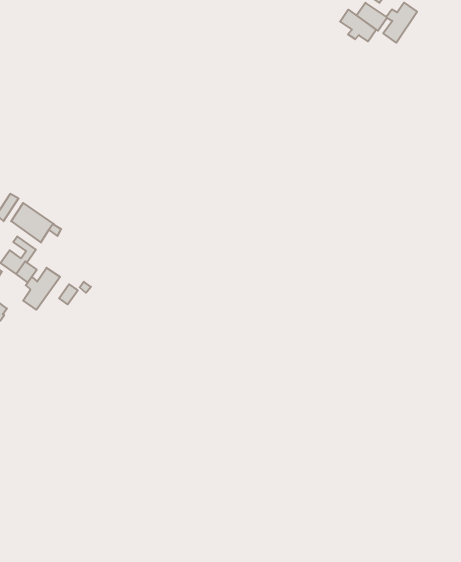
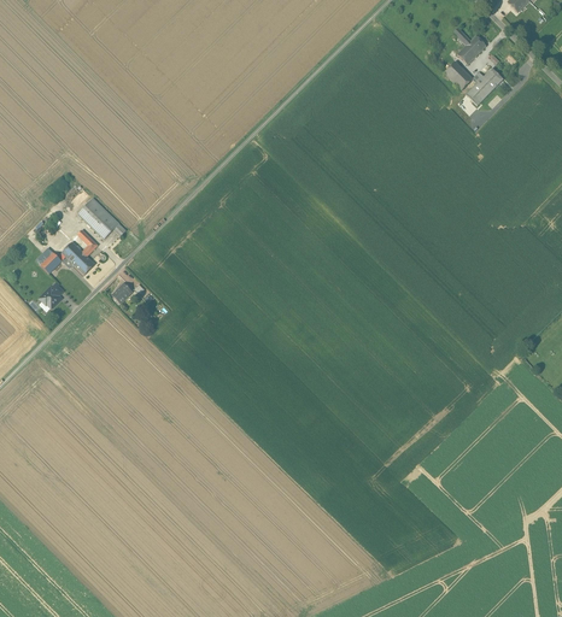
building: [340,10,376,41] -> none
building: [23,268,60,310] -> none

